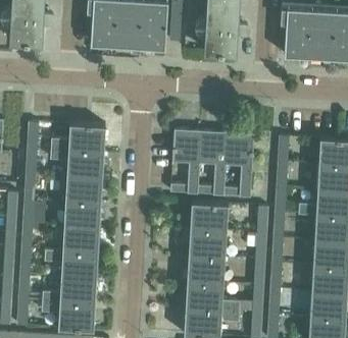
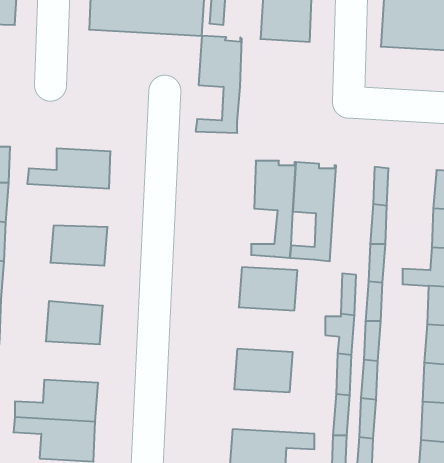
building: [169,131,200,195] -> [196,36,242,133]
building: [49,149,103,177] -> none
building: [63,201,100,229] -> none
building: [188,230,226,260] -> none
building: [43,251,97,280] -> none
building: [185,284,240,314] -> none

